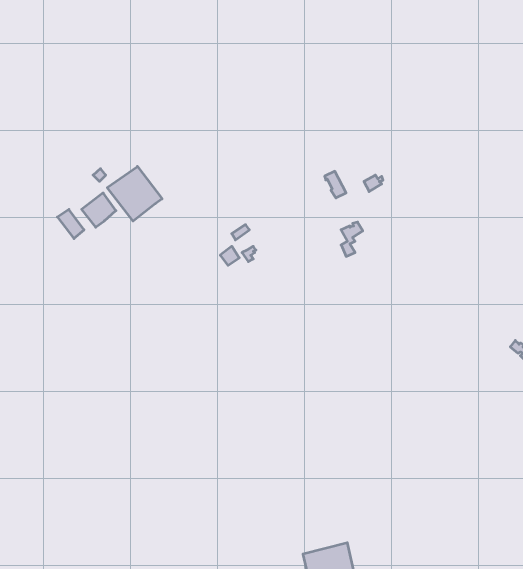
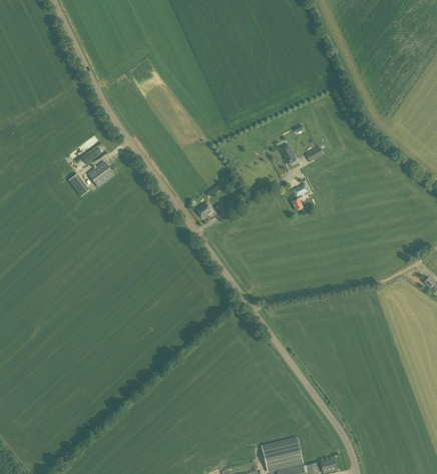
building: [107,166,162,221] -> none

